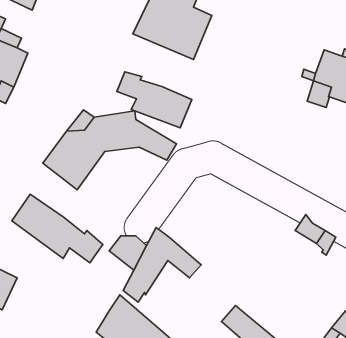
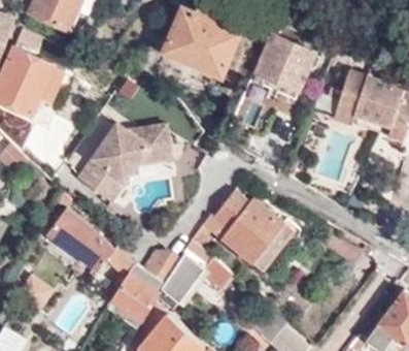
building: none -> [253,33,320,98]
building: [117,72,192,128] -> none
building: none -> [186,188,291,272]
building: none -> [110,258,165,320]

